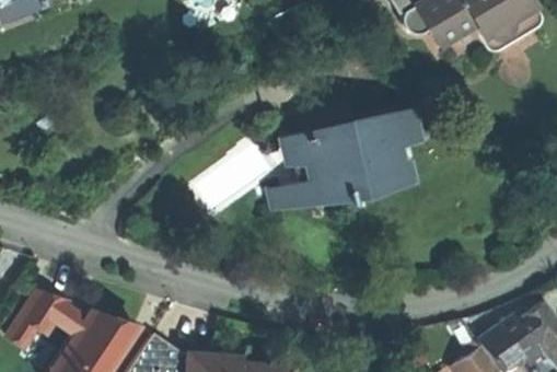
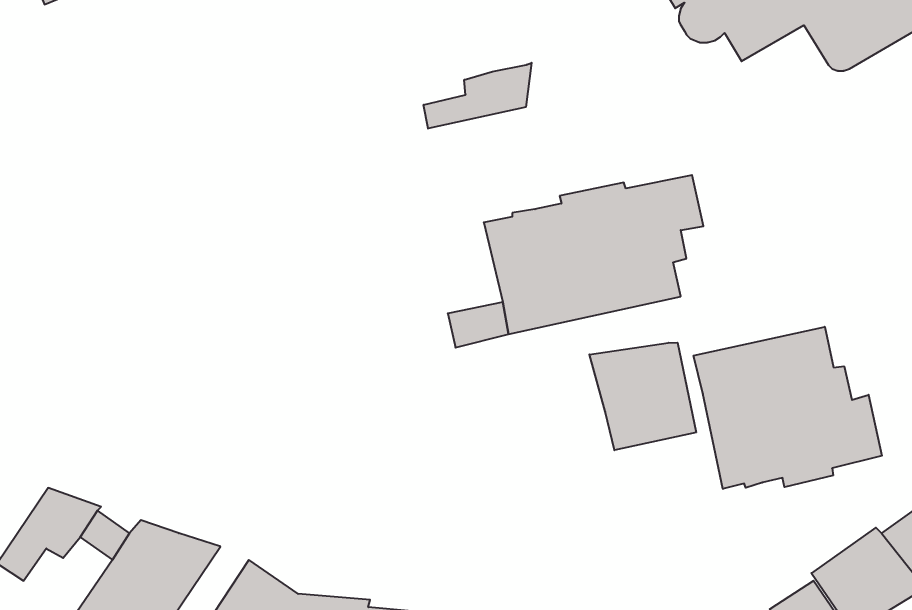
building: none -> [424,63,532,129]
building: none -> [694,327,882,489]
building: none -> [589,343,696,450]

